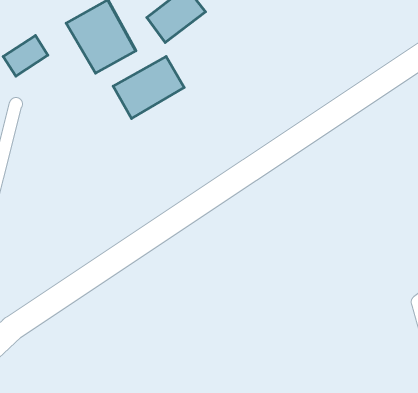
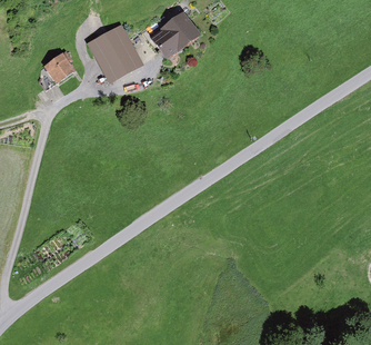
building: [113,57,184,119] -> none

